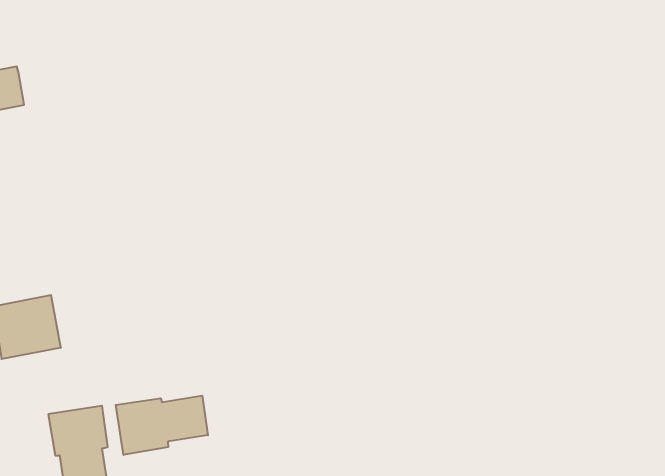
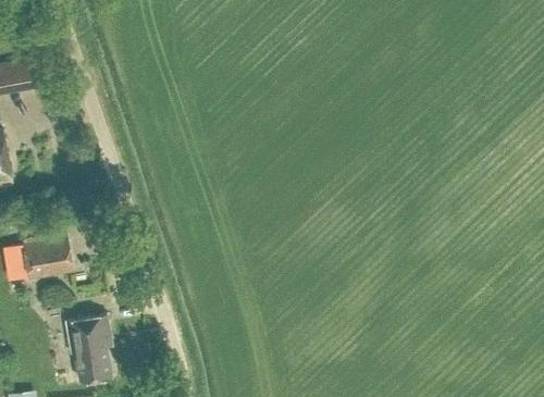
building: [116,396,208,455] -> none

